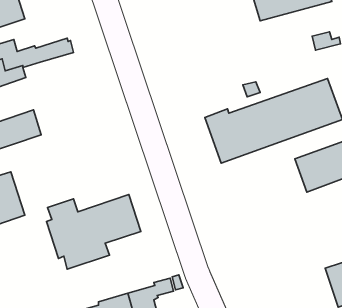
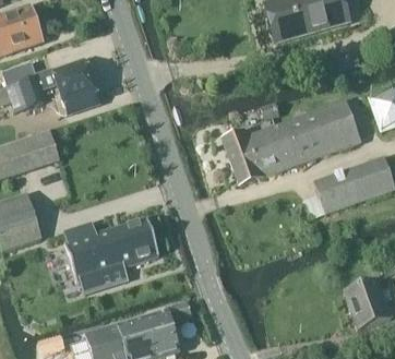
building: none -> [55,74,99,113]

